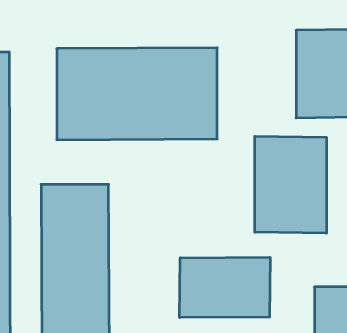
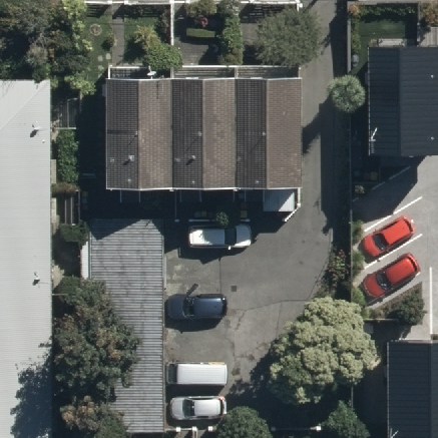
building: [255,136,326,233] -> none
building: [180,257,270,318] -> none

